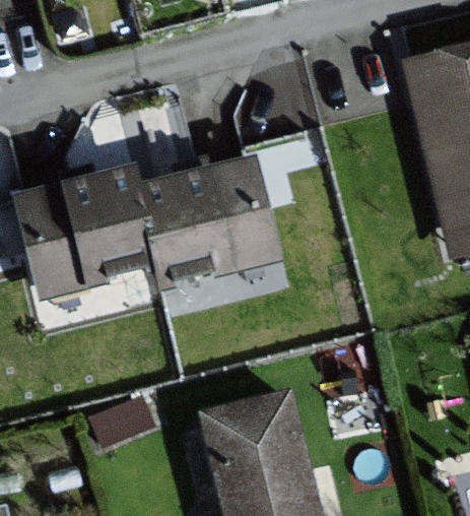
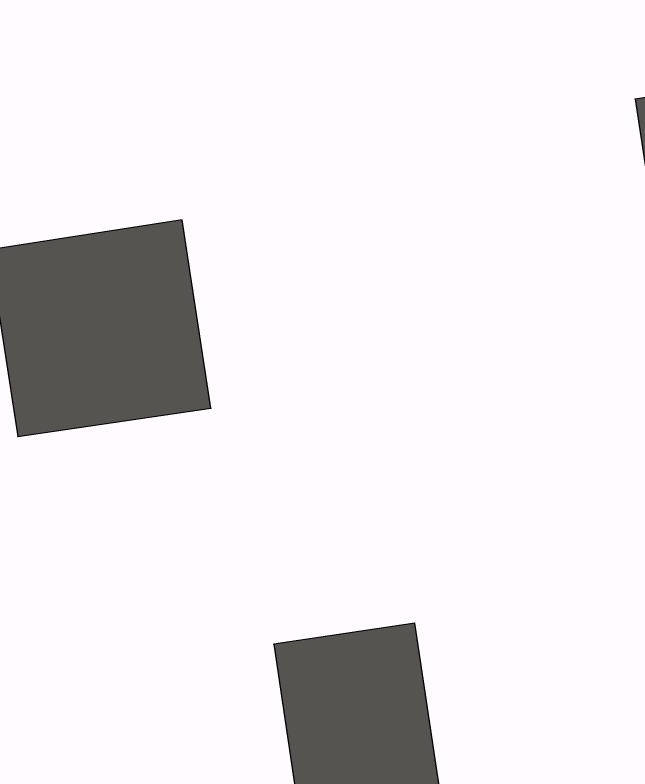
building: [136,156,282,287] -> none

